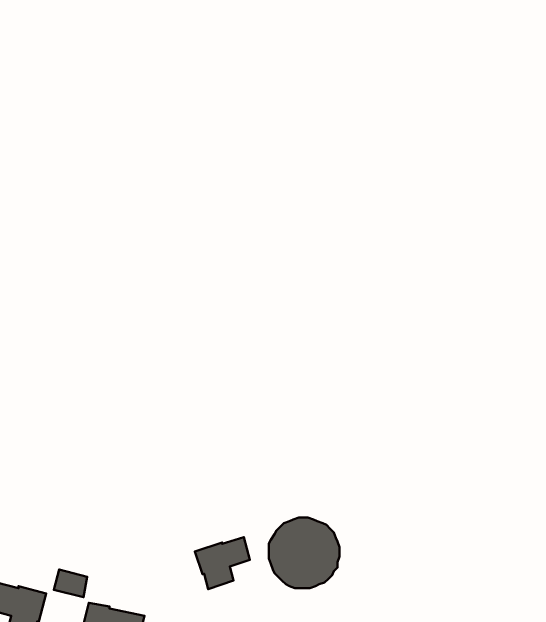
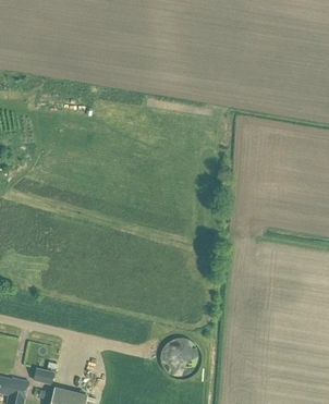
building: [195,537,250,589] -> none

